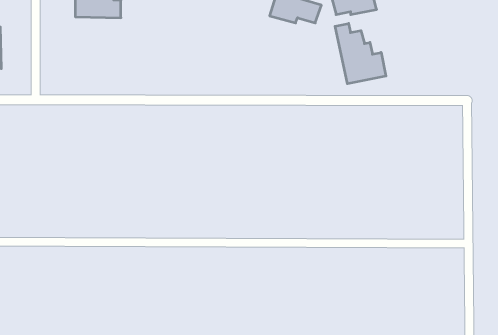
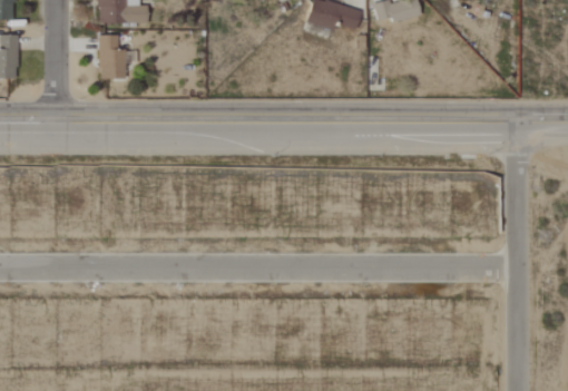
building: [335,23,386,84] -> none
building: none -> [98,35,125,78]

